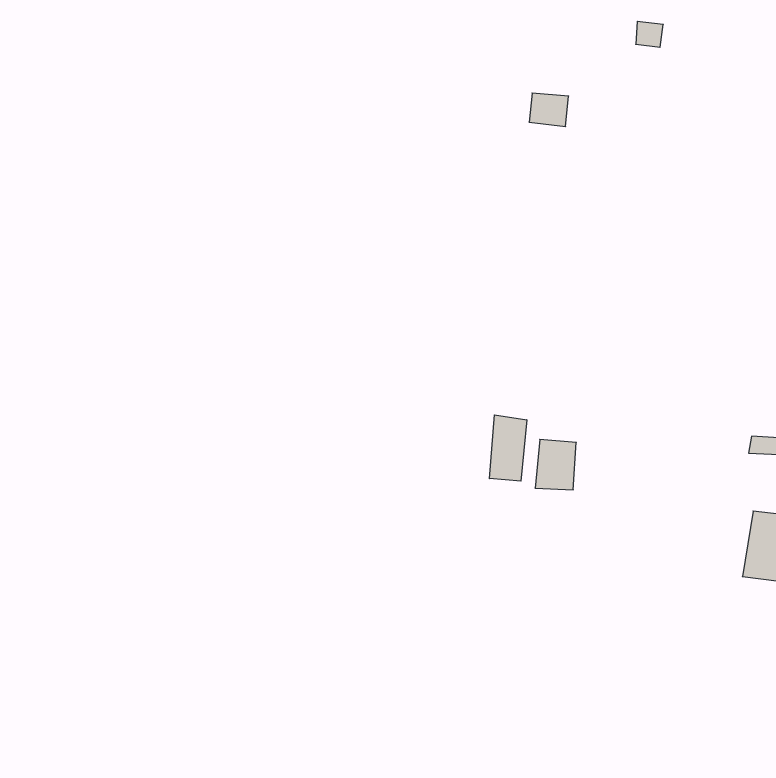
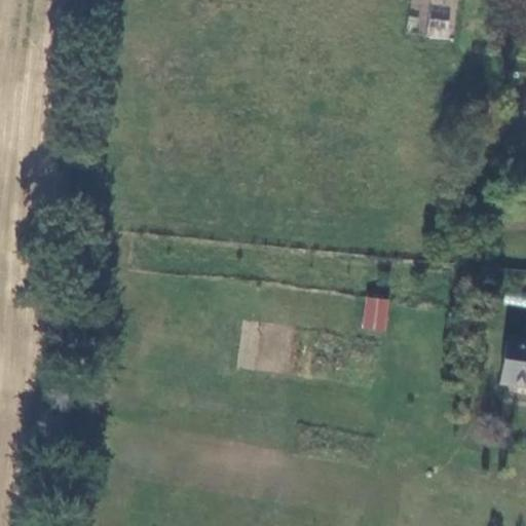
building: [489,415,527,481] -> none

